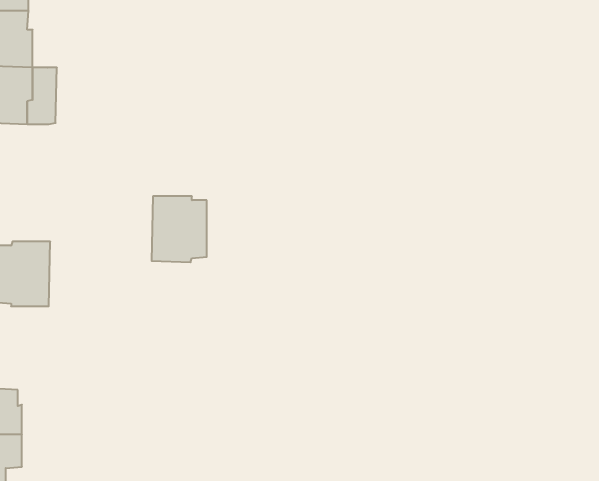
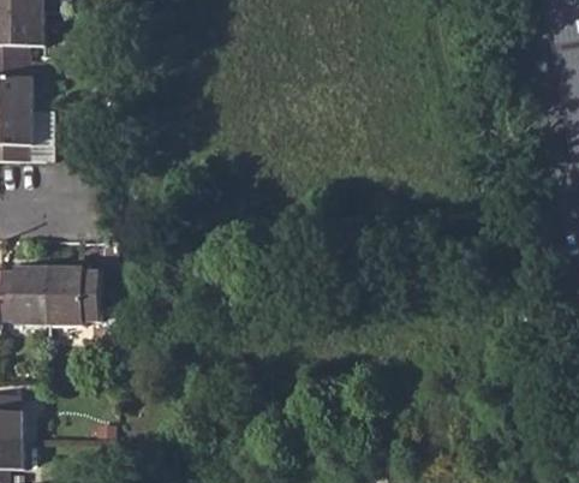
building: [152,196,207,262] -> [49,266,99,324]

